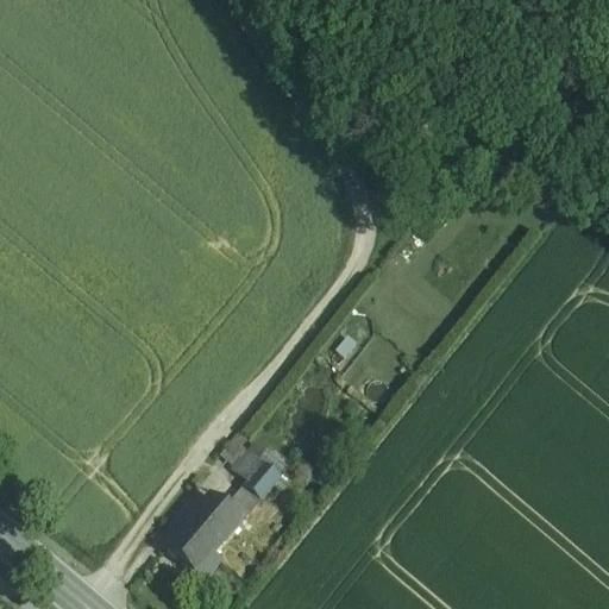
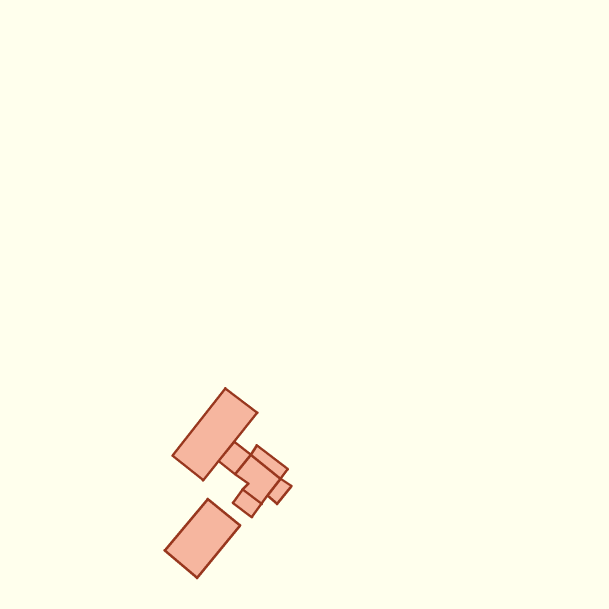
building: none -> [173,388,257,480]

